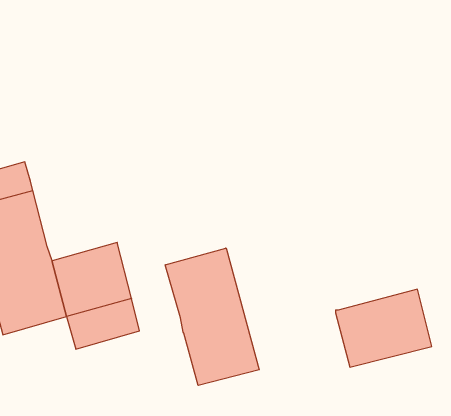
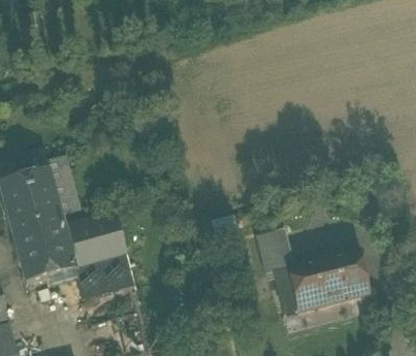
building: none -> [46,159,79,217]
building: [165,248,259,385] -> none
building: none -> [256,233,291,276]

